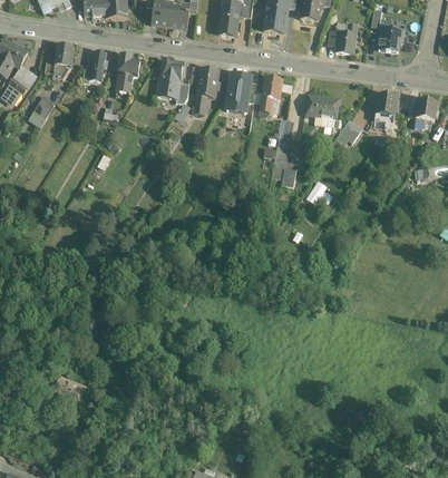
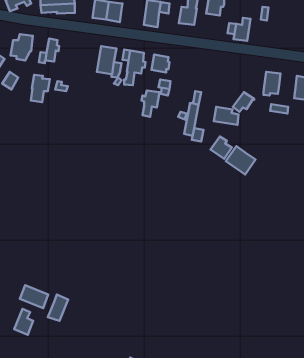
building: [378,21,403,52] -> none
building: [116,55,140,90] -> [31,75,50,102]
building: [259,77,282,111] -> [142,90,160,117]
building: [305,95,338,118] -> [214,107,238,125]
building: none -> [226,146,256,174]
building: none -> [48,295,68,321]
building: none -> [14,309,33,335]

